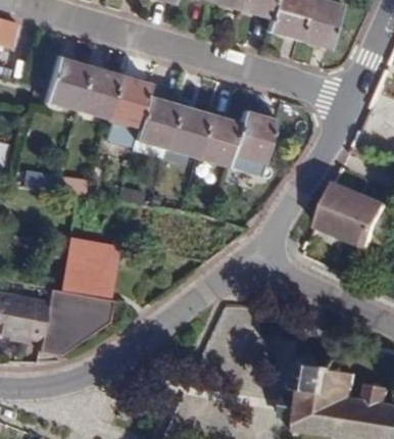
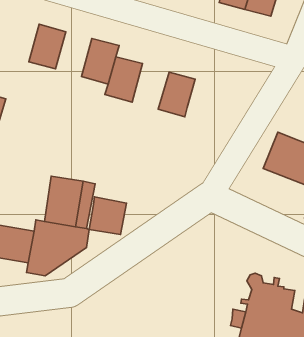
building: [72,65,115,118] -> none
building: [163,103,207,157] -> none
building: [229,110,274,164] -> none
building: none -> [89,197,126,234]

